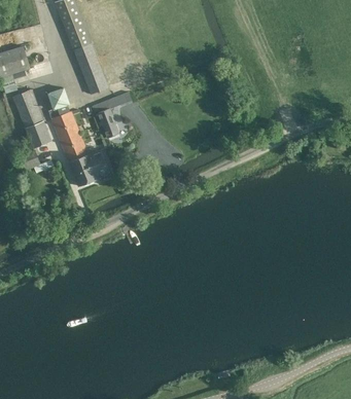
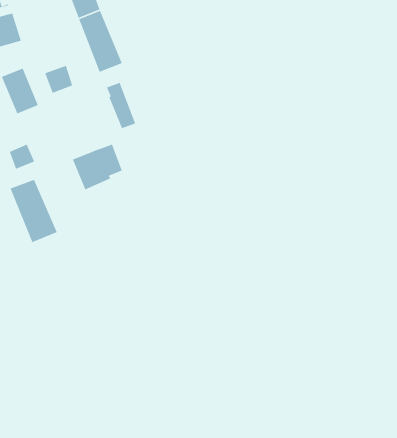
building: [51,111,90,161] -> [9,179,58,243]
building: [26,119,51,147] -> none

